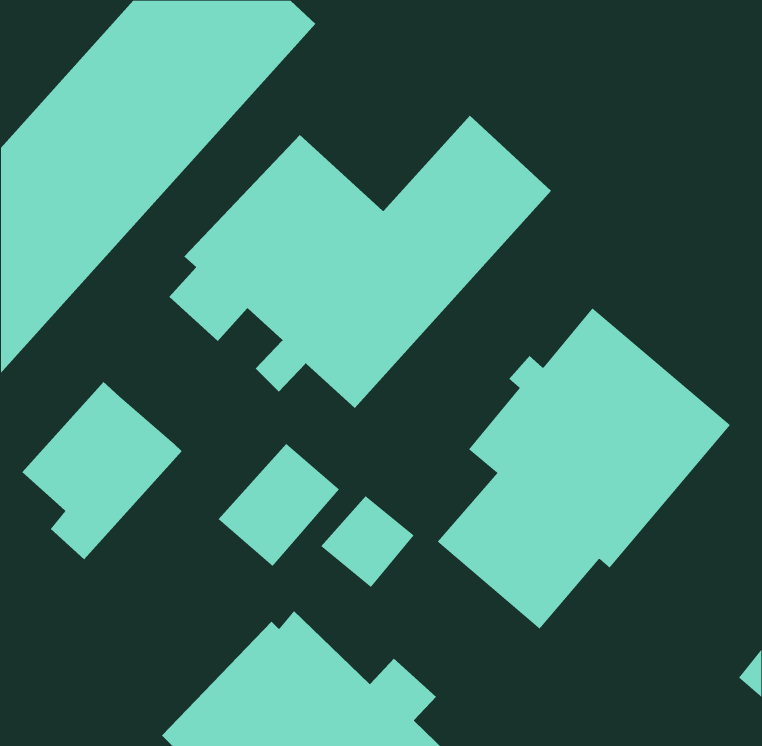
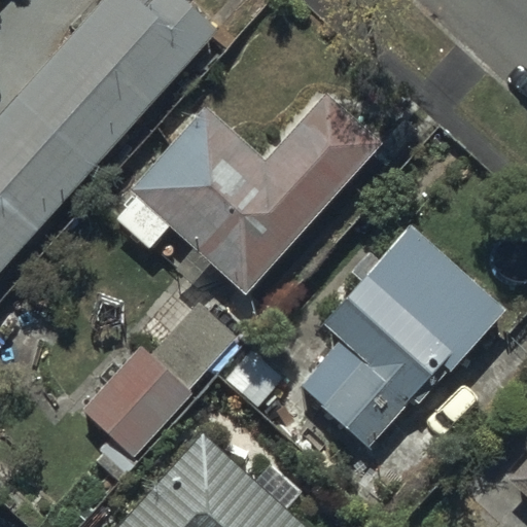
building: [21,381,182,560] -> [82,359,194,483]

